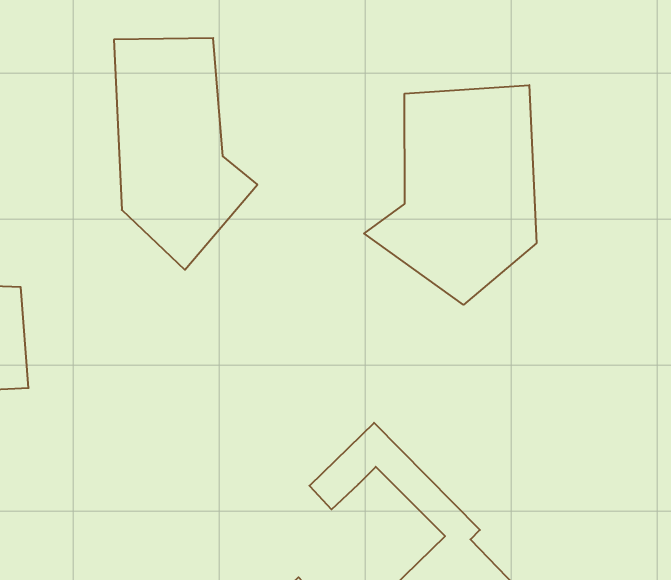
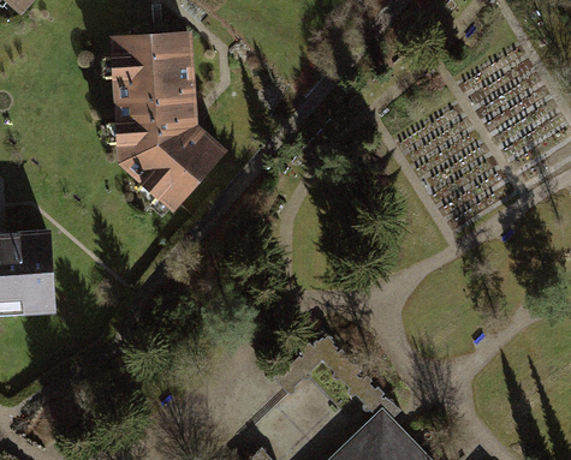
building: [364,85,537,305] -> none

